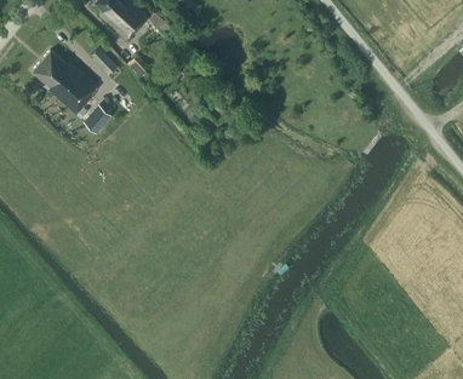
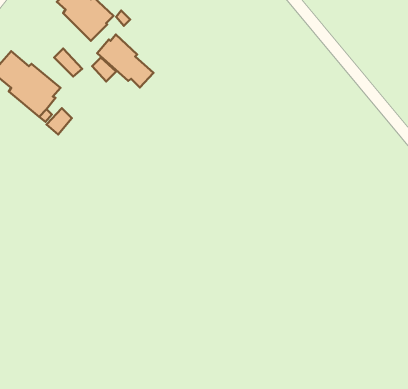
building: none -> [97,34,154,88]

